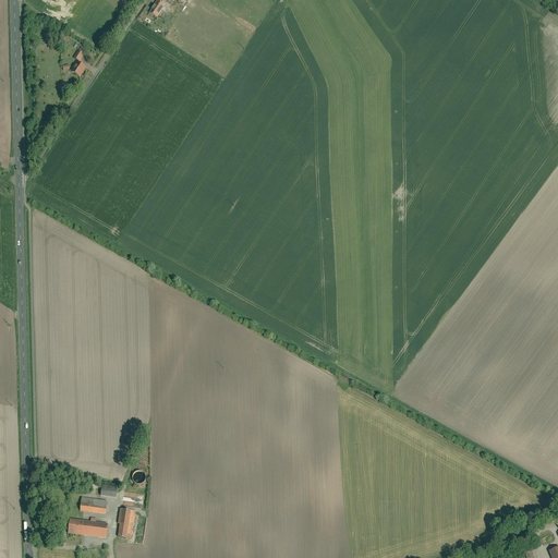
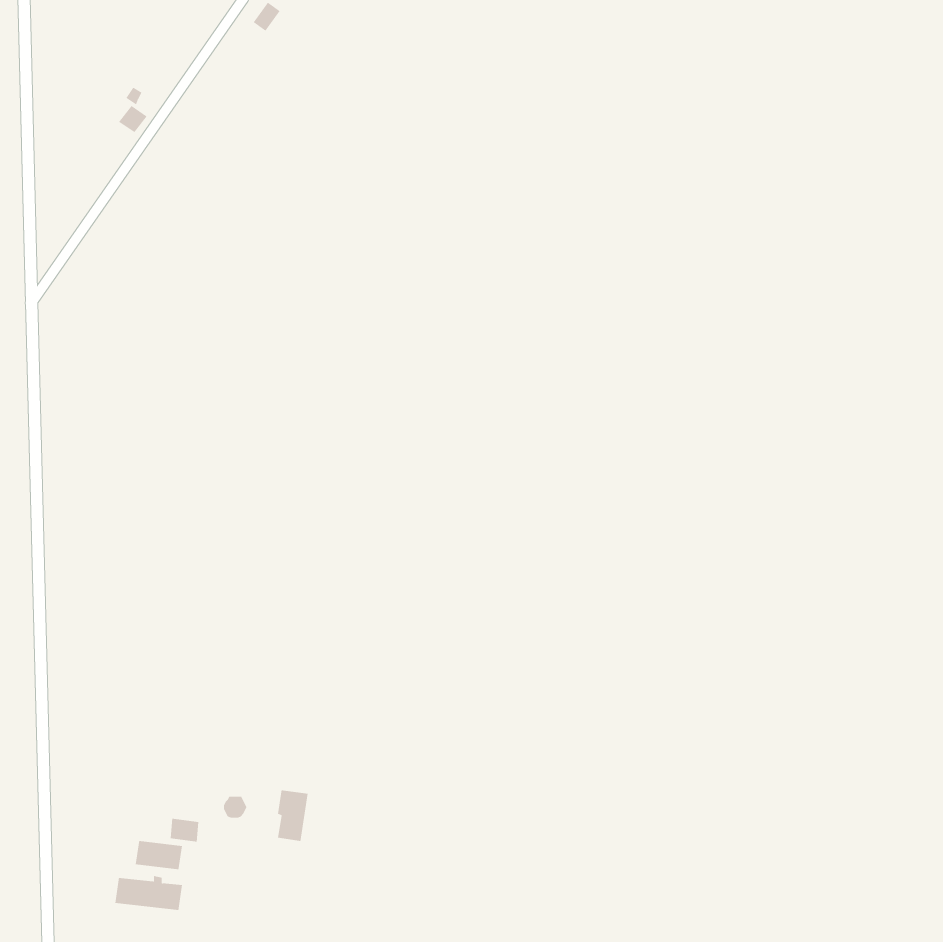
building: [118,508,136,538] -> [277,790,309,842]

